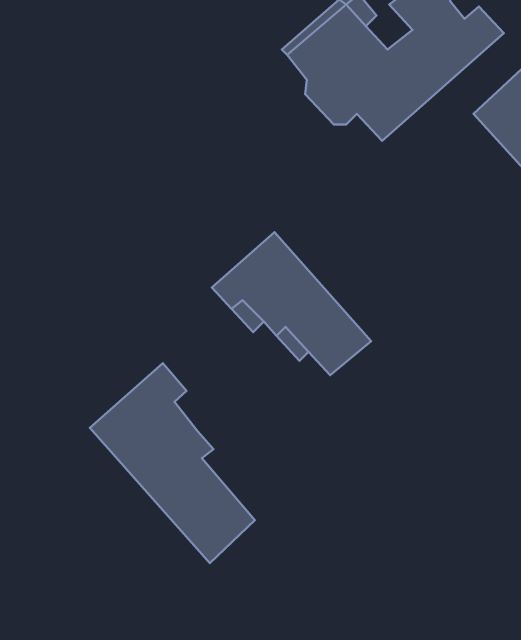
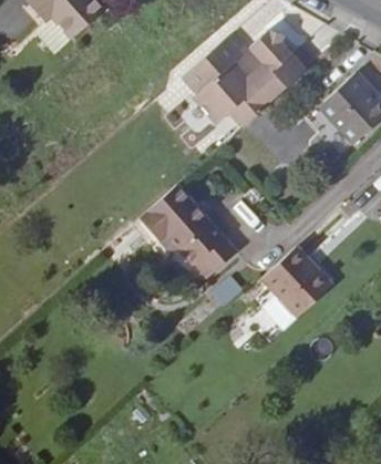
building: none -> [250,254,322,327]
building: [90,363,255,563] -> none

